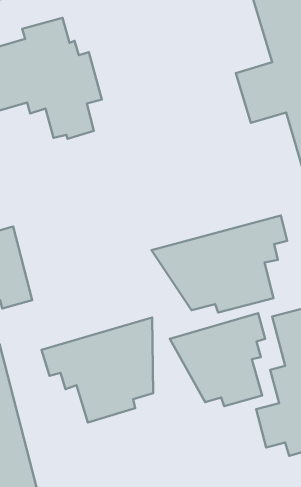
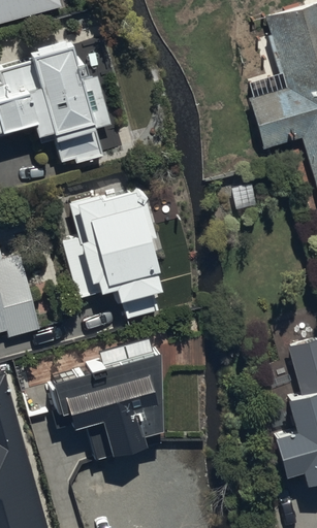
building: none -> [62,185,163,319]
building: [151,216,287,312] -> none
building: [170,313,265,406] -> none

